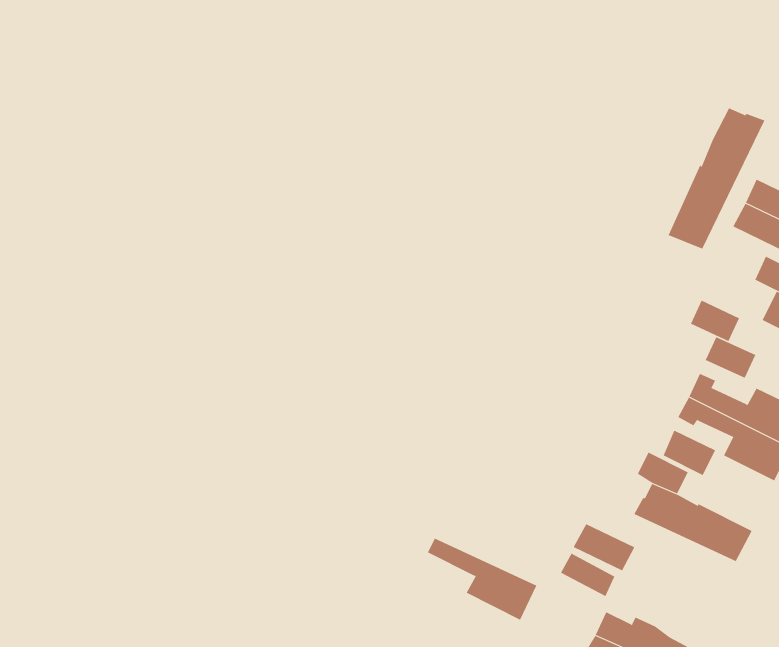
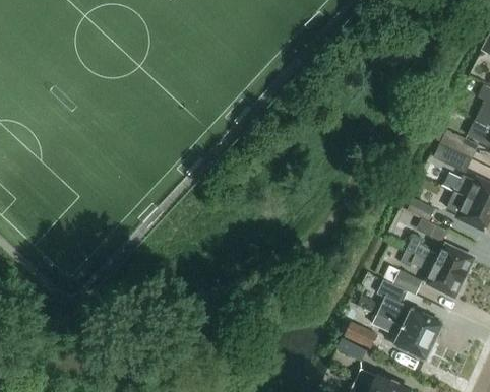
building: [668,108,765,250] -> none
building: [427,538,537,620] -> [372,316,433,362]

